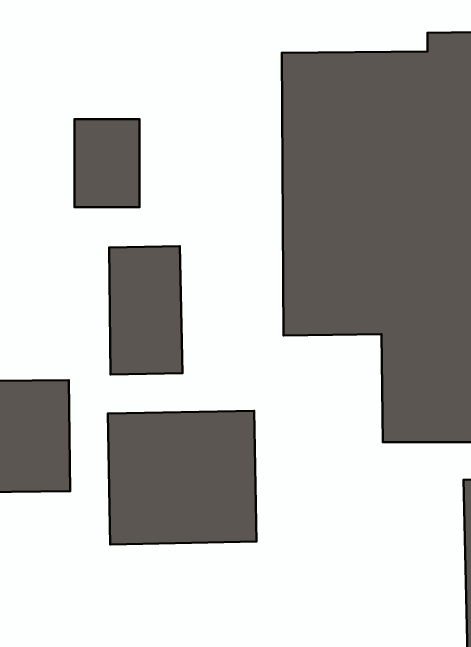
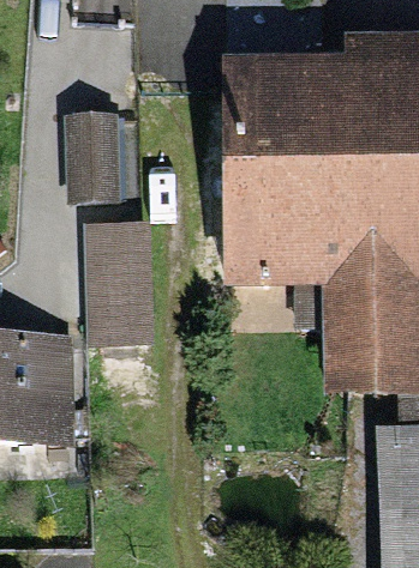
building: [108,411,257,544] -> none

